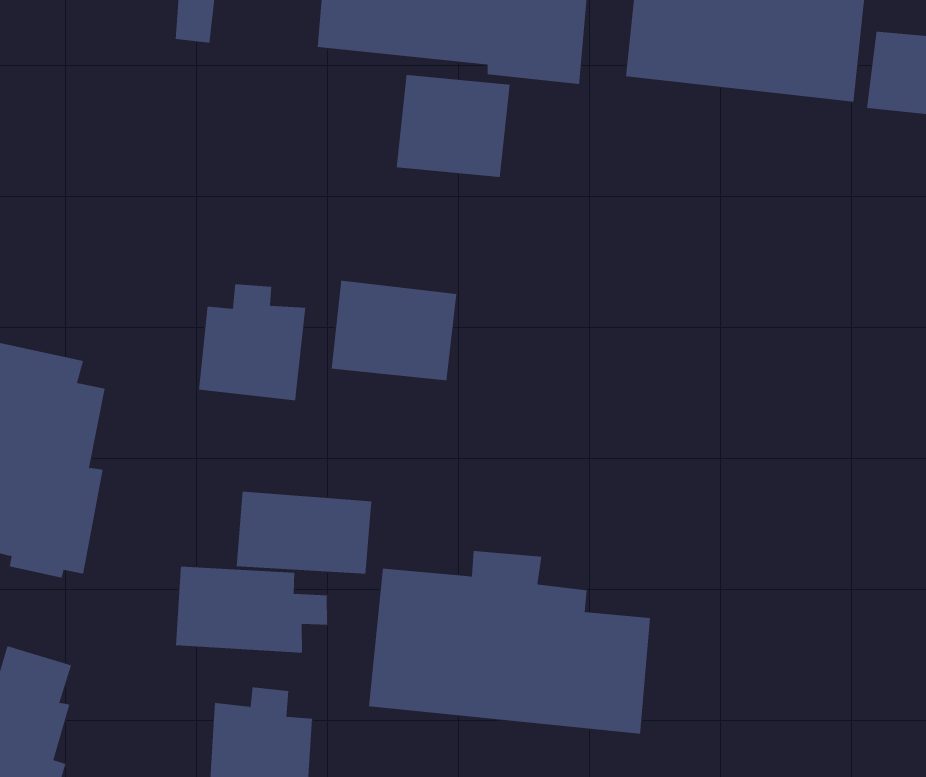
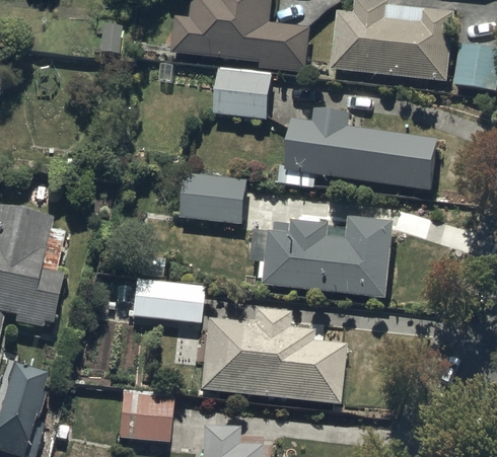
building: none -> [278,106,436,191]
building: [199,284,306,401] -> none
building: none -> [258,217,395,298]
building: [176,566,328,654] -> none

